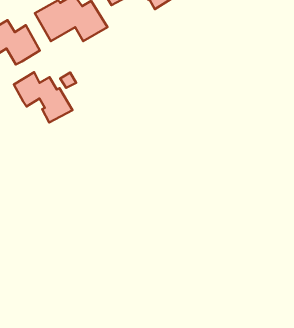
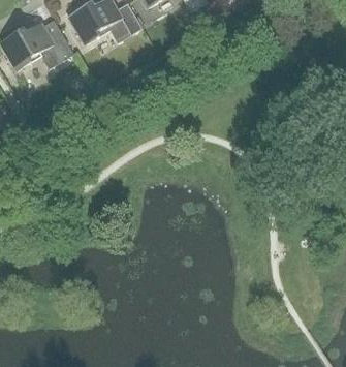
building: [14,72,72,123] -> none

